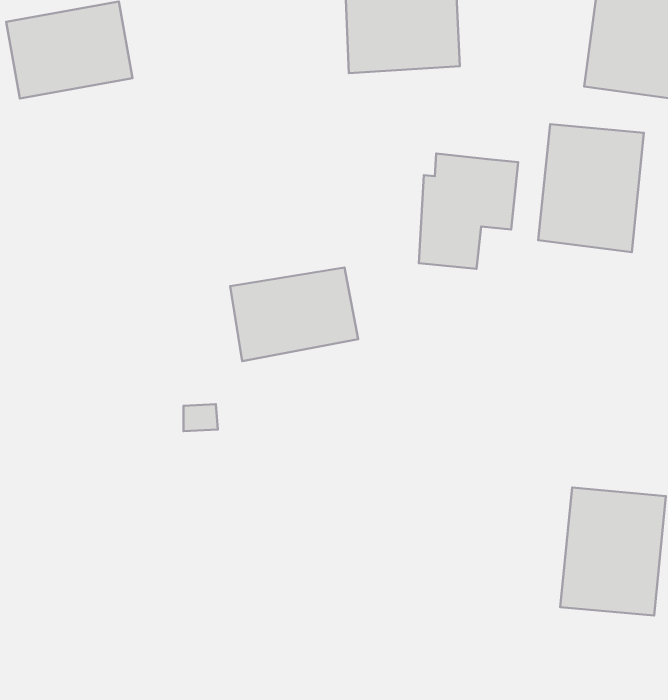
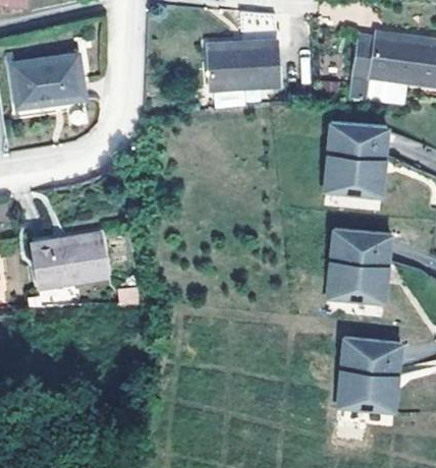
building: [419,154,518,269] -> none
building: [230,267,358,361] -> [30,228,106,284]
building: none -> [328,230,391,304]

